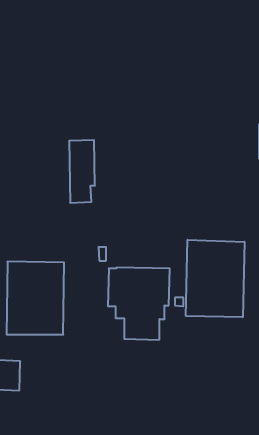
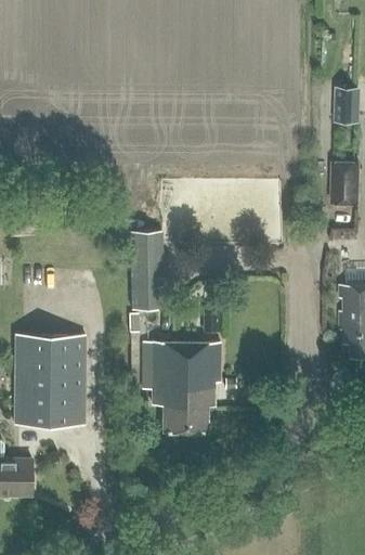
building: [69,140,95,203] -> [131,231,164,310]
building: [186,240,244,317] -> none

